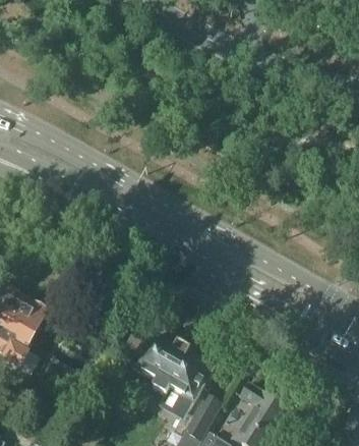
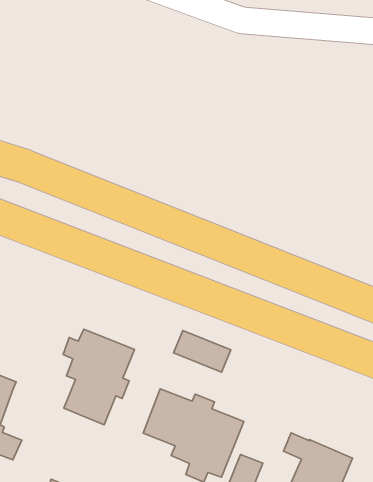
building: none -> [63,329,135,425]
building: none -> [173,331,231,372]

